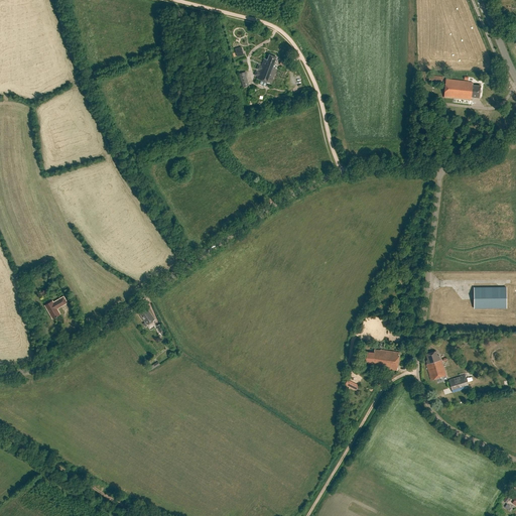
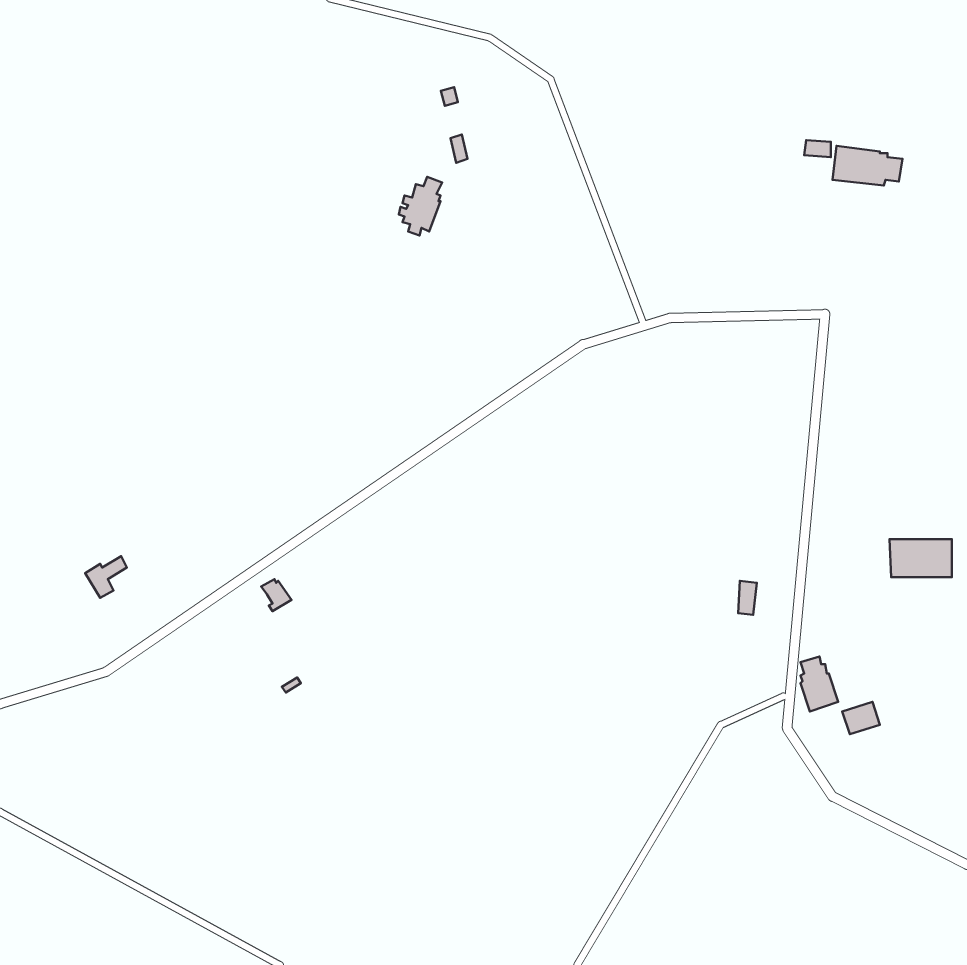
building: [255,54,278,86] -> [399,177,442,235]
building: [364,349,400,370] -> none

